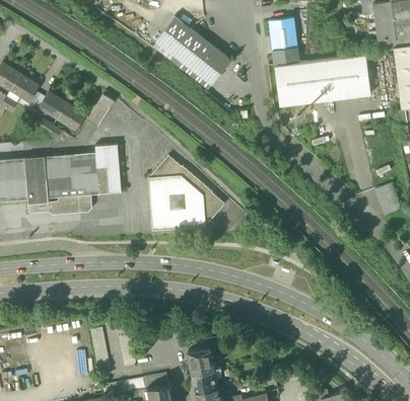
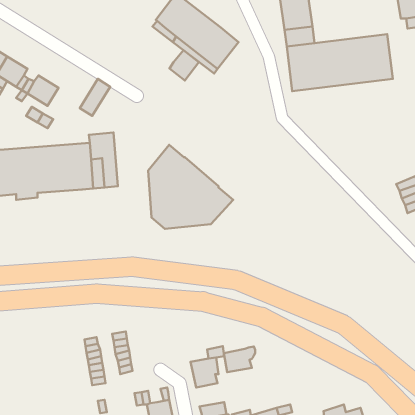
building: none -> [169,50,199,81]
building: [57,102,85,130] -> none
building: [28,194,89,213] -> none
building: [192,368,220,391] -> [224,346,255,372]

